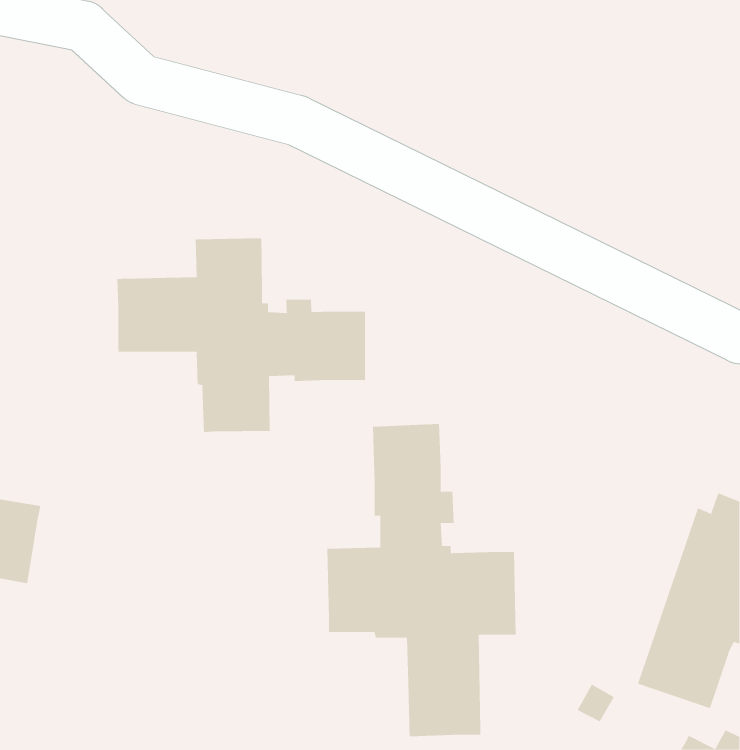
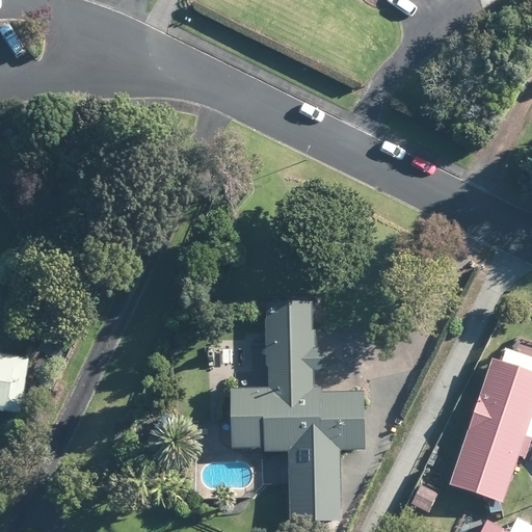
building: [117,238,366,433] -> none

